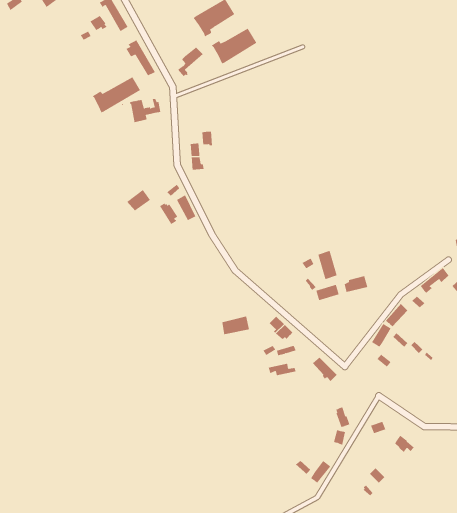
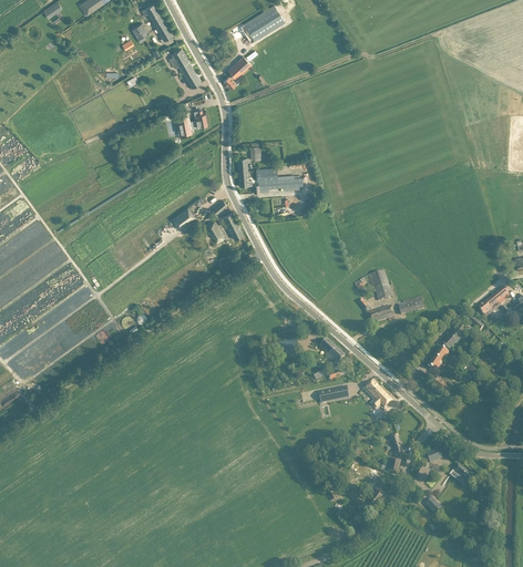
building: [211,28,257,64] -> none
building: [92,77,141,113] -> none
building: none -> [255,168,301,193]

